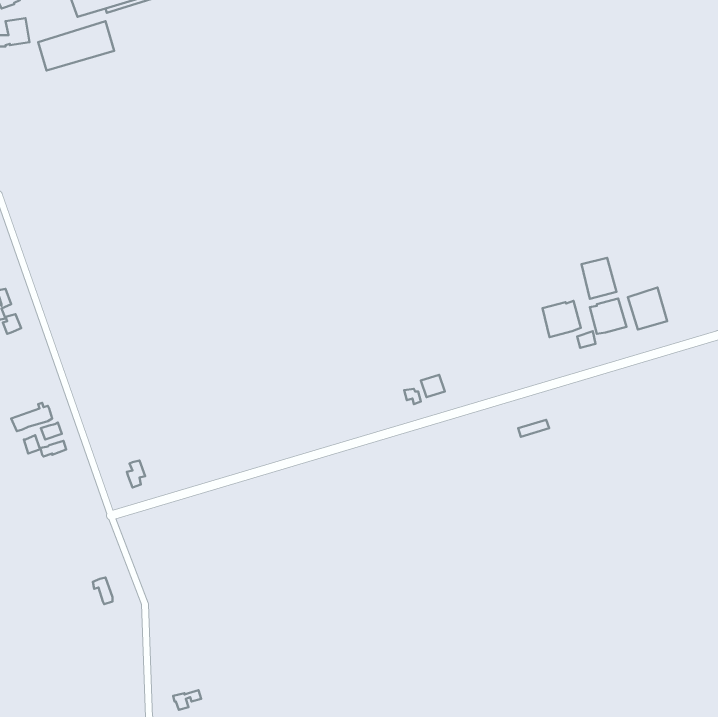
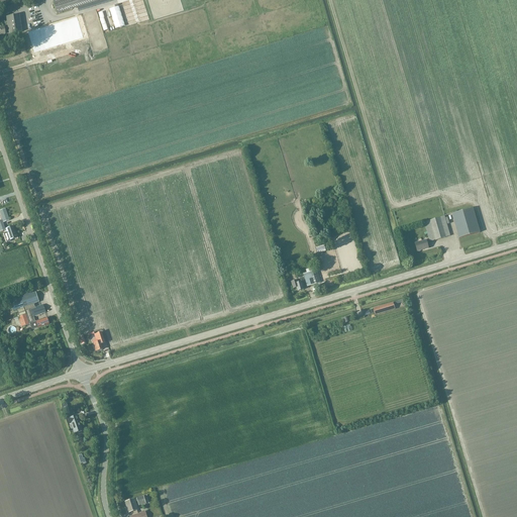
building: [582,258,617,299] -> none
building: [543,301,581,337] -> none

